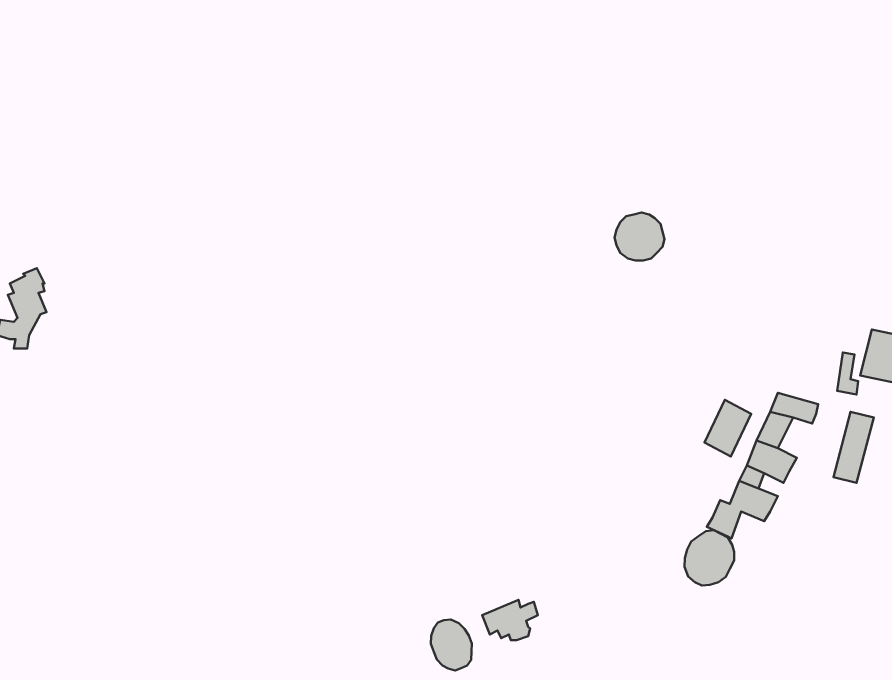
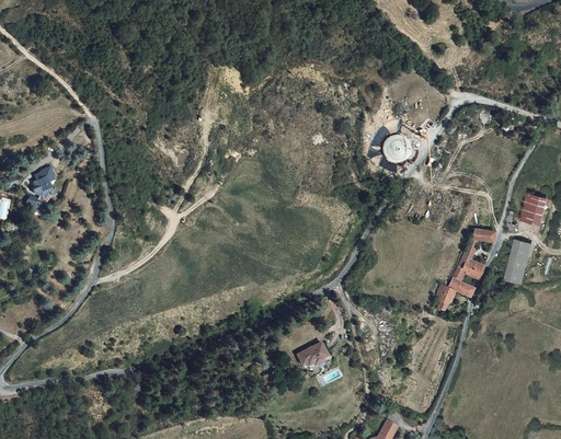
building: [704,400,751,457] -> none
building: [685,530,734,586] -> none
building: [431,619,472,670] -> none

